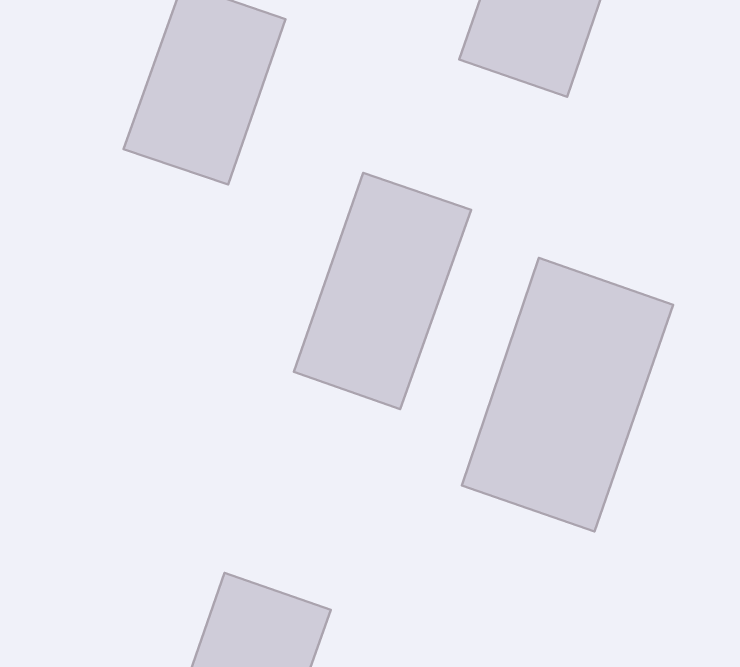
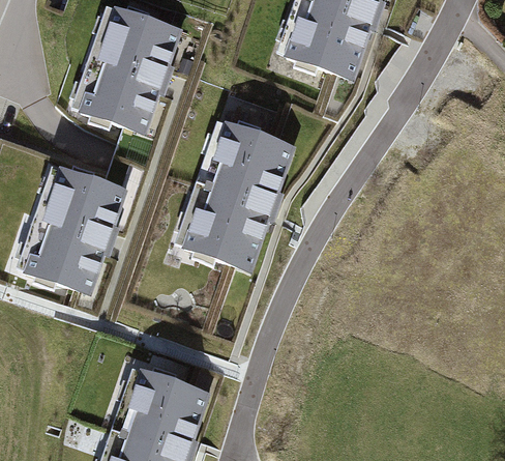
building: none -> [24,168,123,291]
building: [462,258,673,531] -> none

